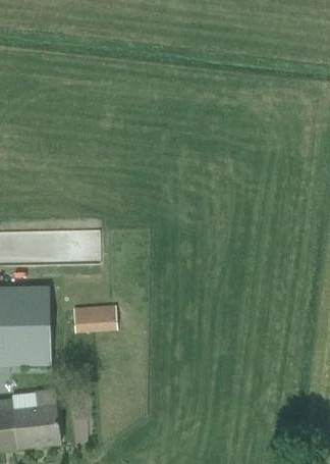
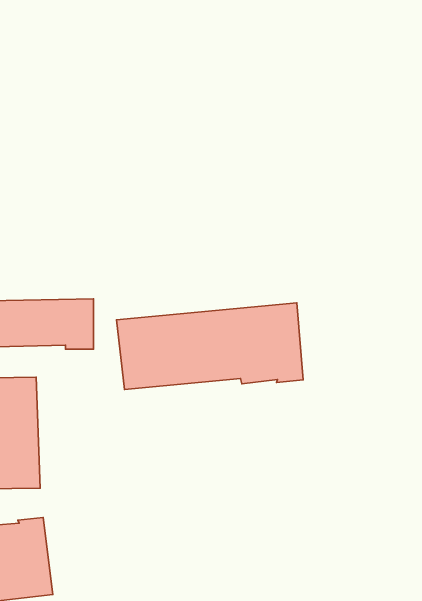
building: none -> [117,303,303,389]
building: [72,304,117,334] -> none

